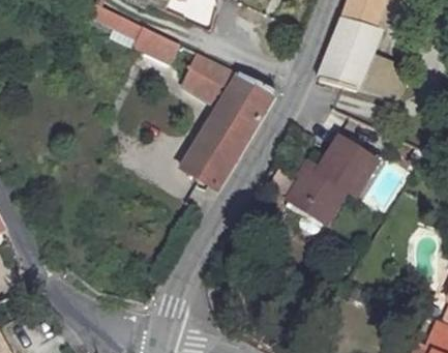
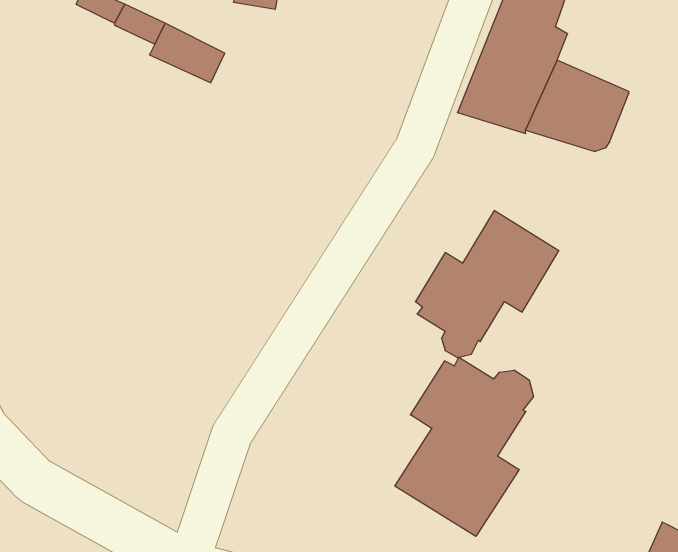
building: [181,53,275,189] -> none
building: none -> [395,357,534,536]

